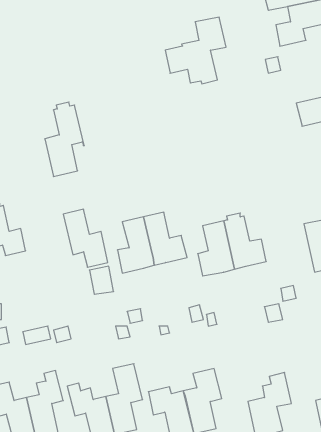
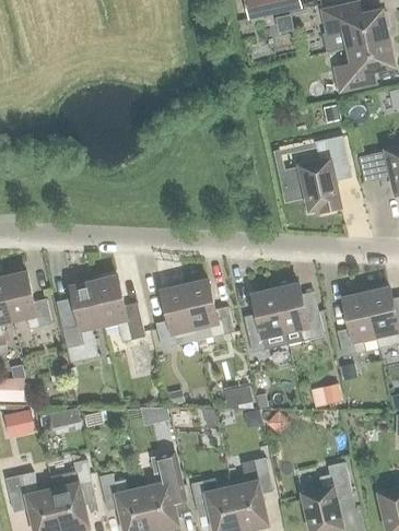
building: [165,17,226,84] -> [281,134,350,210]
building: [45,102,84,177] -> [60,278,105,362]
building: none -> [337,292,378,355]

